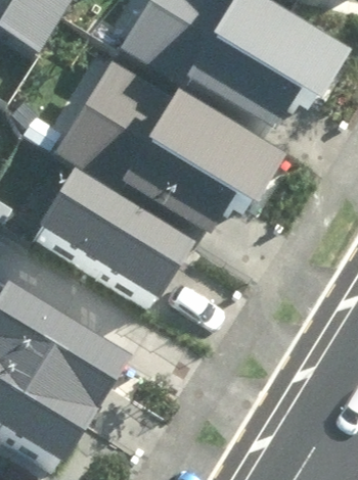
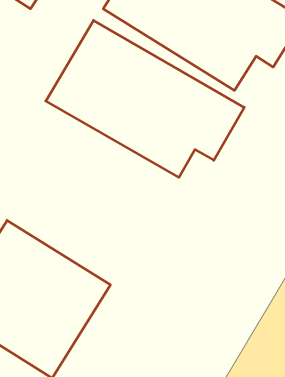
building: [37,170,188,299] -> none

